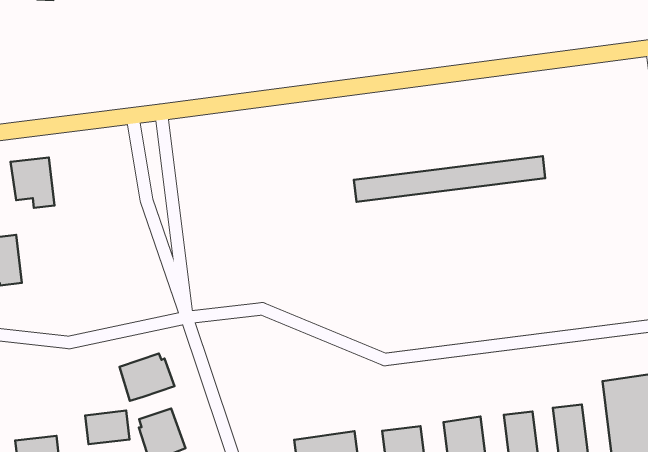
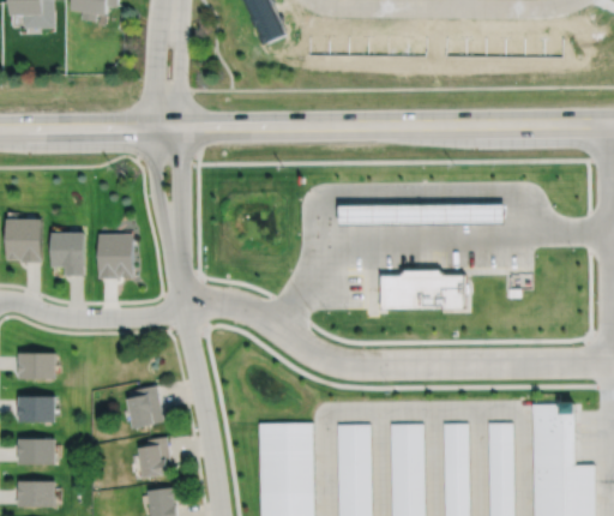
building: [10,157,54,208] -> [50,233,84,275]
building: none -> [381,270,464,308]
building: none -> [98,234,133,278]
building: [120,353,174,401] -> none
building: [85,411,129,444] -> [19,353,55,378]

